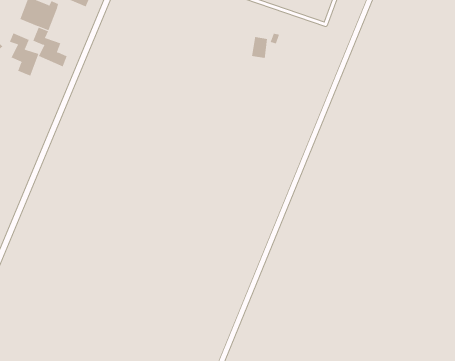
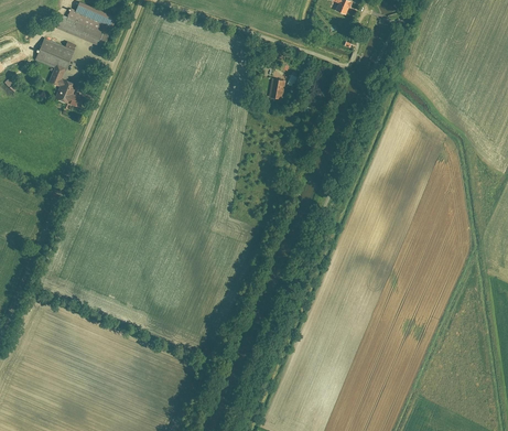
building: [9,33,39,76] -> none

